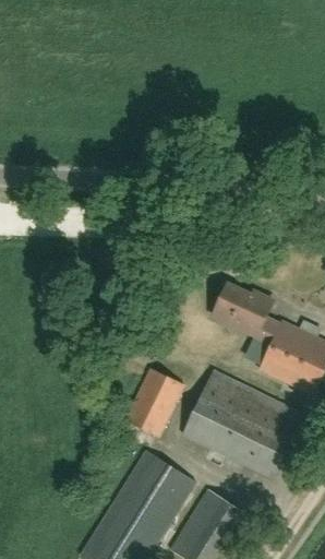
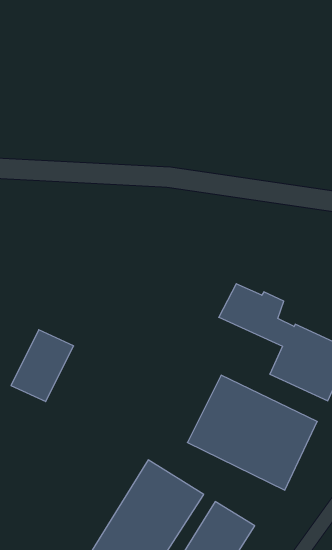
building: [124,369,183,437] -> [11,330,74,402]

